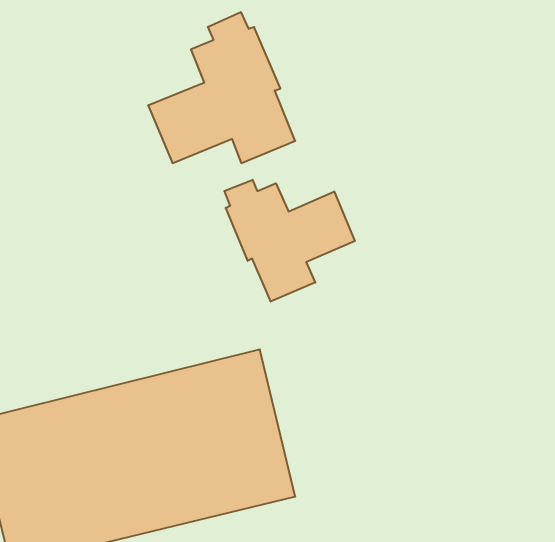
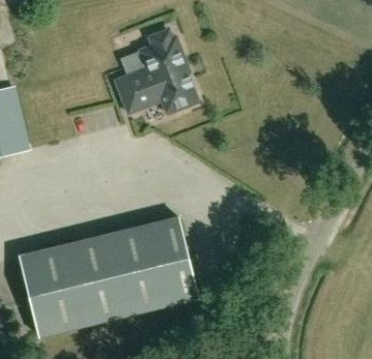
building: [224,180,355,302] -> none

